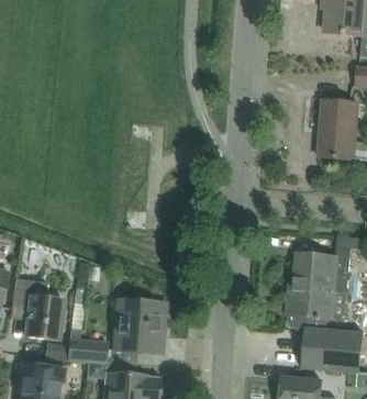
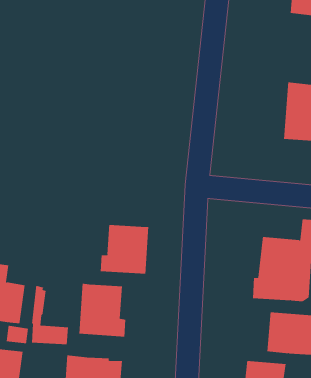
building: none -> [100,224,149,275]

